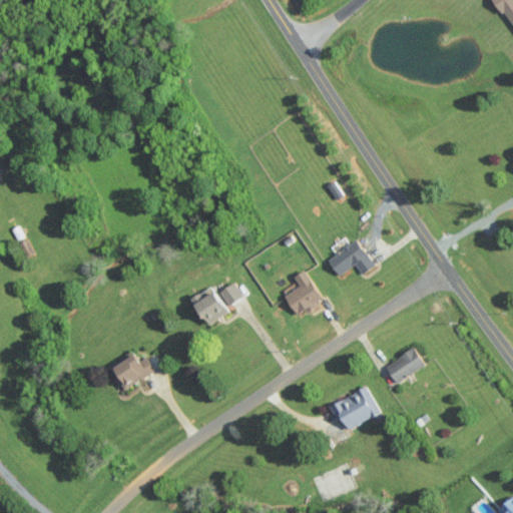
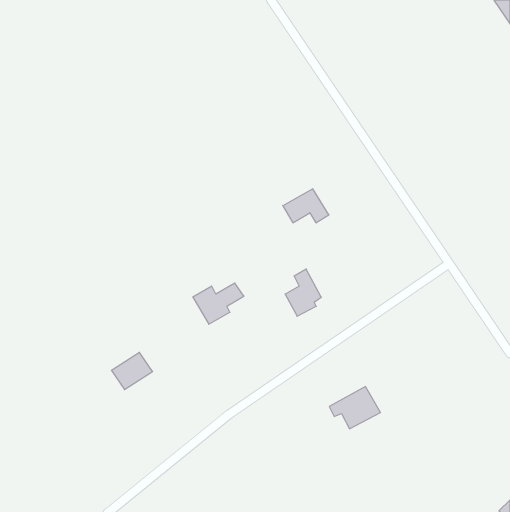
building: [328,240,374,275] -> [283,189,329,223]
building: [385,348,425,382] -> none

